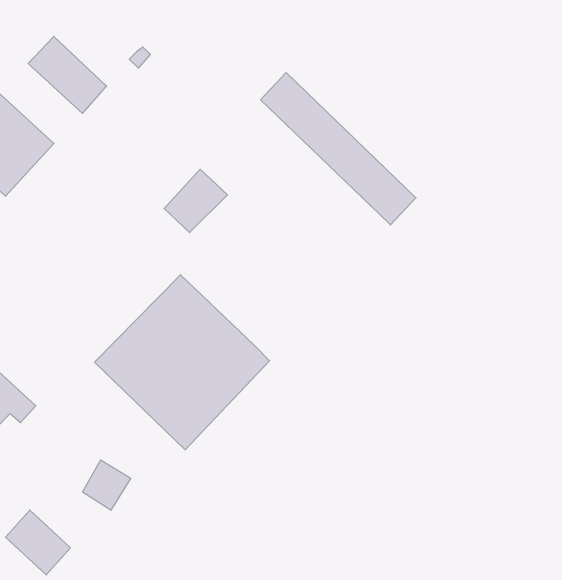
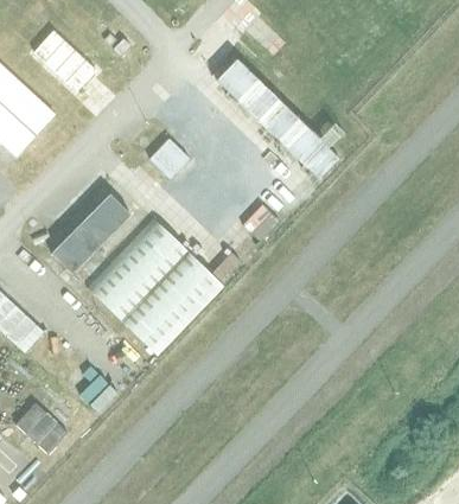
building: none -> [51,193,130,273]

